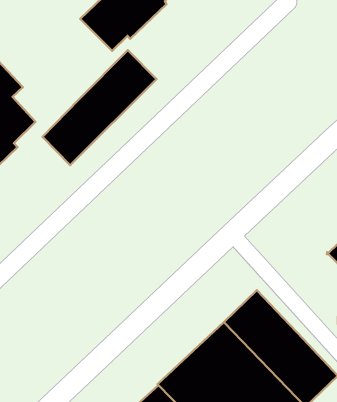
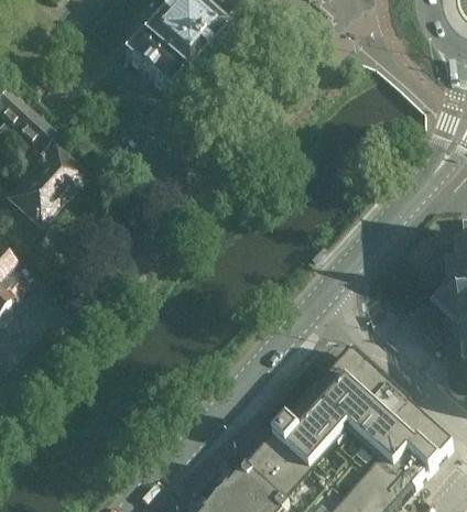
building: [42,50,157,165] -> none

